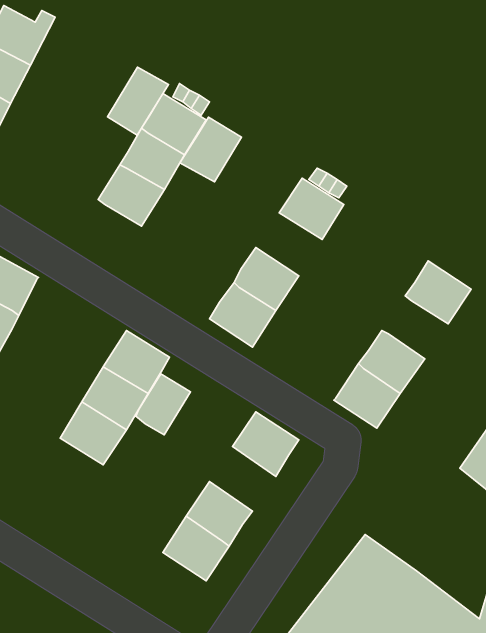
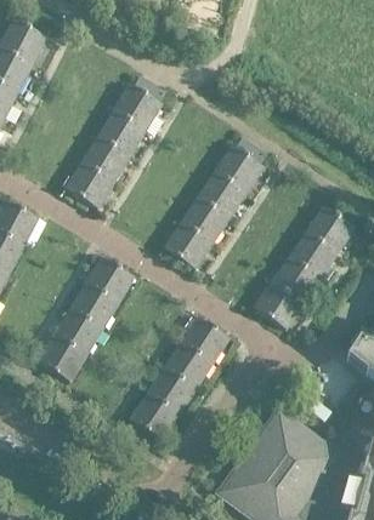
building: [108,67,169,135] -> none
building: [180,117,242,182] -> none
building: none -> [64,162,113,210]
building: none -> [197,172,245,218]
building: none -> [289,233,338,279]
building: [136,374,191,435] -> none
building: none -> [38,337,85,383]
building: none -> [163,343,211,390]

